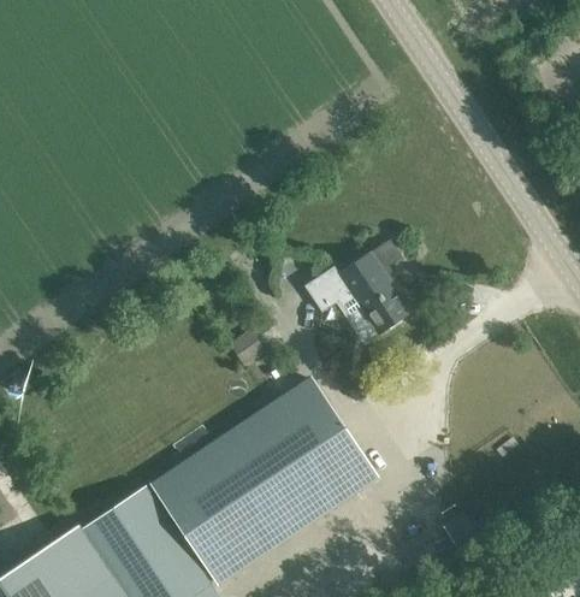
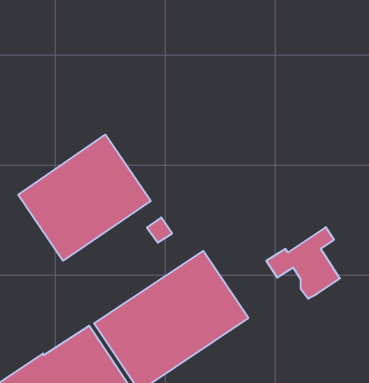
building: none -> [18,135,151,261]
building: [304,240,410,342] -> [266,227,340,299]

